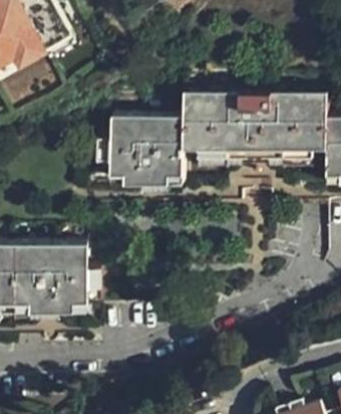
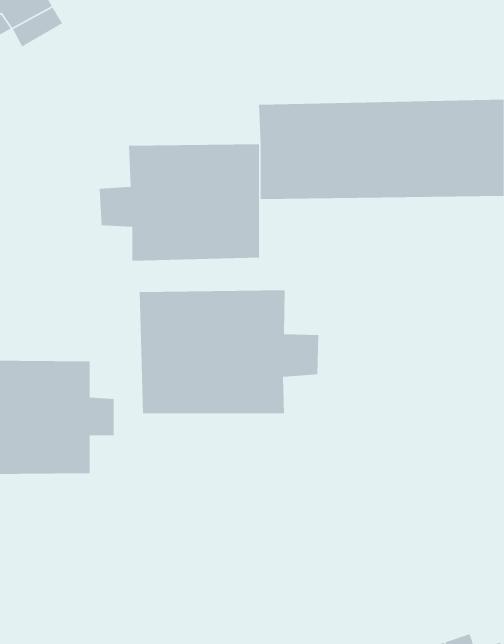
building: none -> [139,290,319,414]

